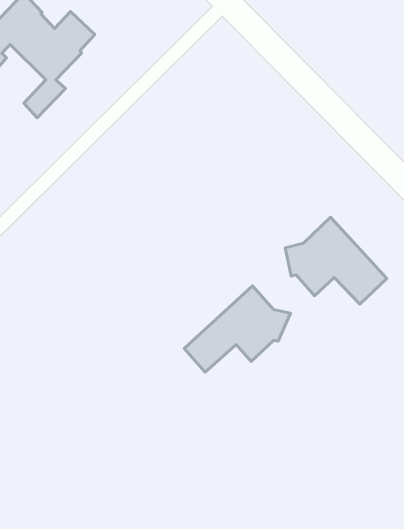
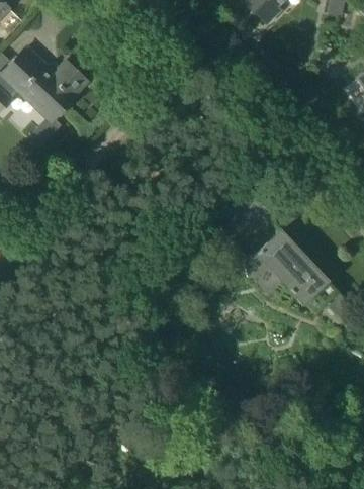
building: [184,286,290,372] -> none

